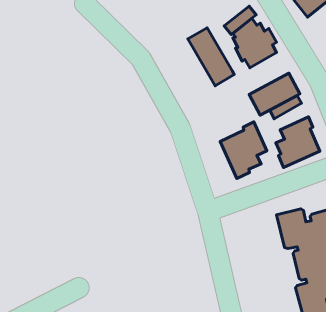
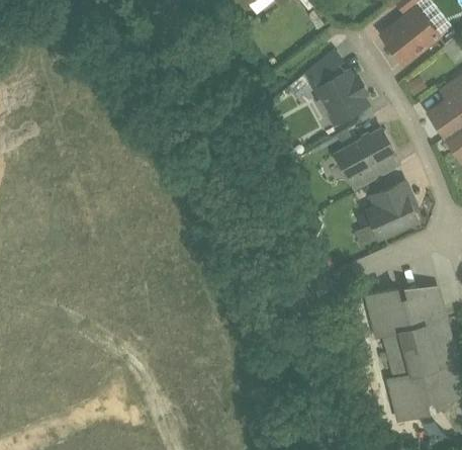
building: [188,28,234,86] -> none
building: [220,122,267,178] -> none

